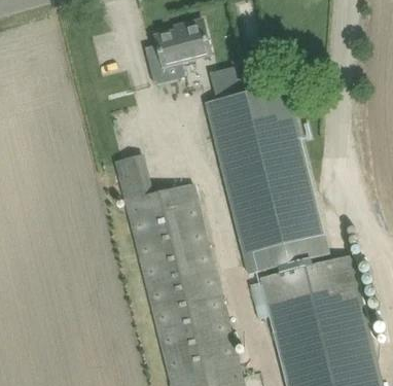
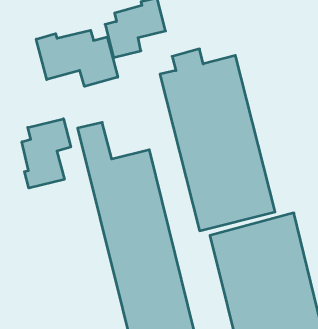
building: none -> [36,30,118,86]
building: none -> [22,119,71,188]

